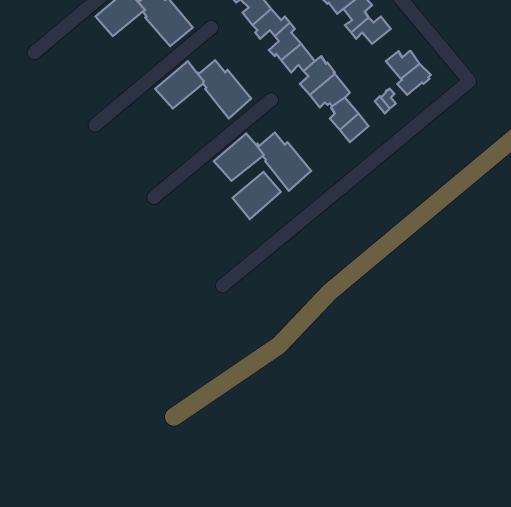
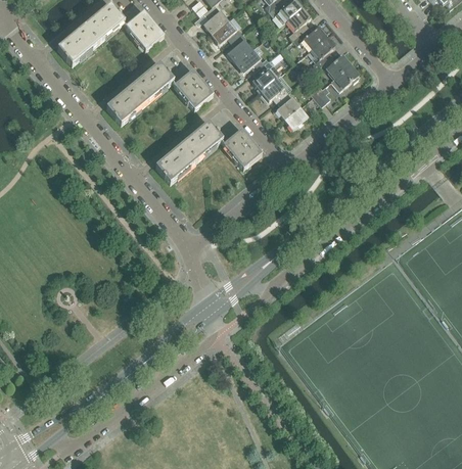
building: none -> [56,26,97,64]
building: none -> [310,36,333,66]
building: none -> [105,85,146,124]
building: [232,172,281,219] -> [154,144,194,183]

